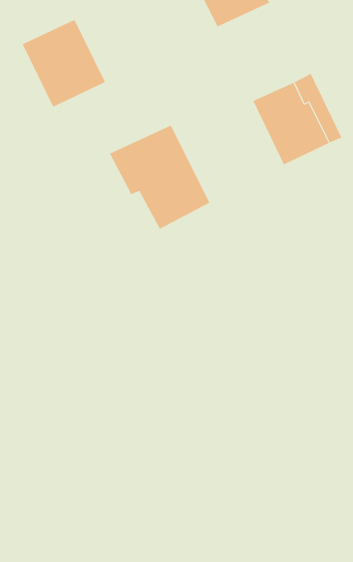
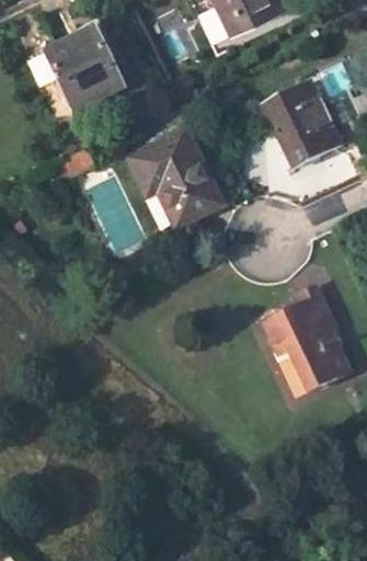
building: none -> [262,286,351,390]

